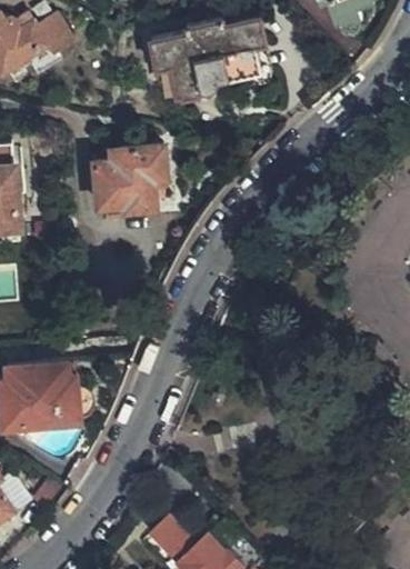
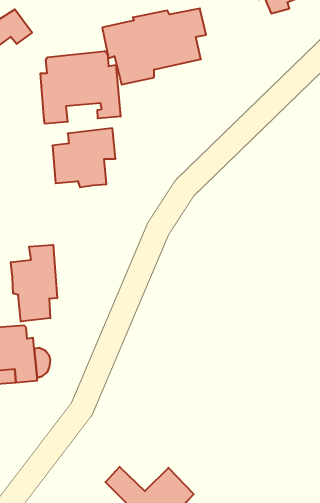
building: none -> [40,51,121,124]
building: none -> [11,245,57,322]

